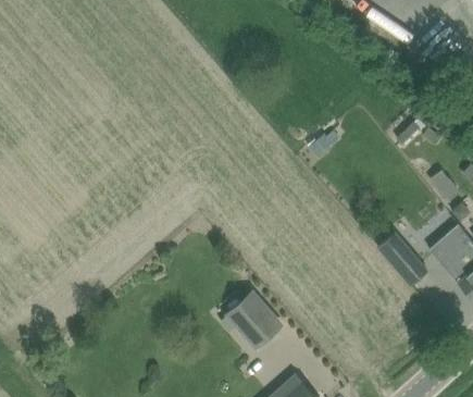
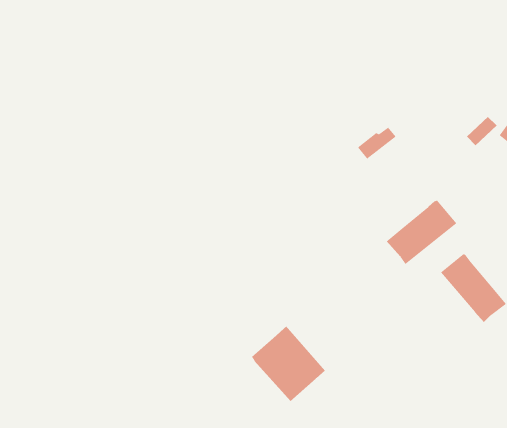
building: none -> [386,200,457,265]

